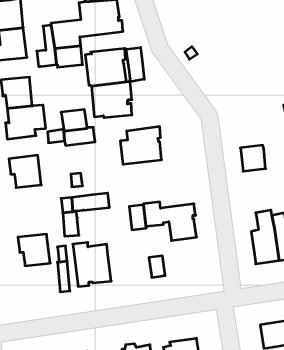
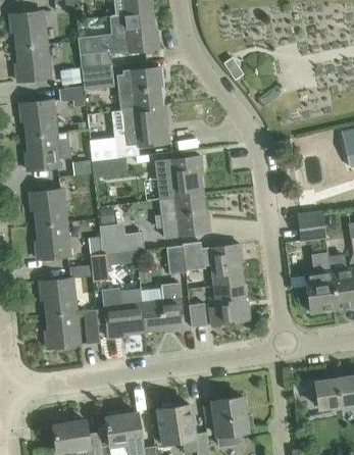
building: [126,47,144,82] -> none
building: [240,145,266,171] -> [297,211,325,241]
building: none -> [156,194,210,238]
building: none -> [36,222,70,259]
building: none -> [209,282,250,324]
building: none -> [142,283,184,332]
building: none -> [46,311,80,348]

